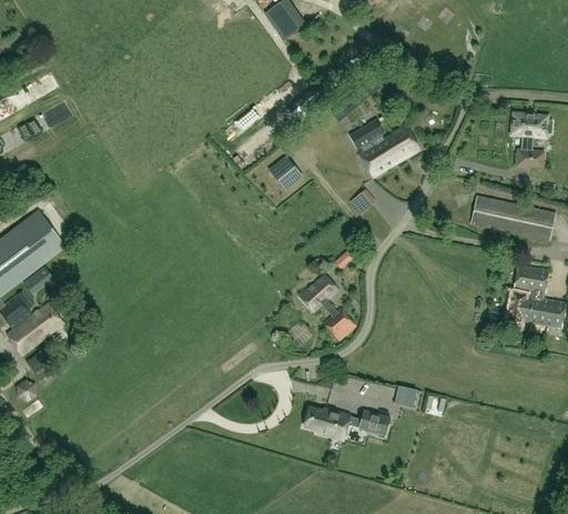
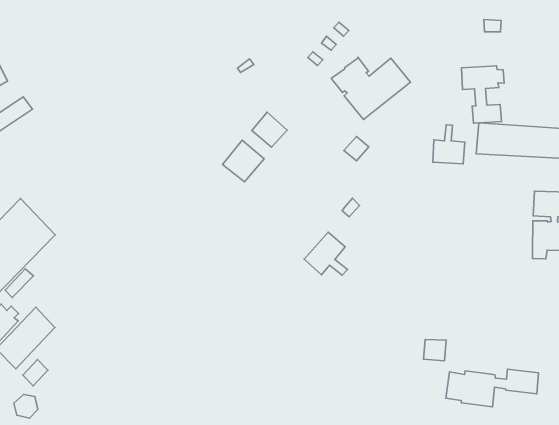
building: [511,112,551,167] -> [461,66,504,123]
building: none -> [223,140,264,182]
building: none -> [433,125,465,164]
building: [324,306,356,340] -> none
building: [303,403,390,441] -> [446,369,539,407]

